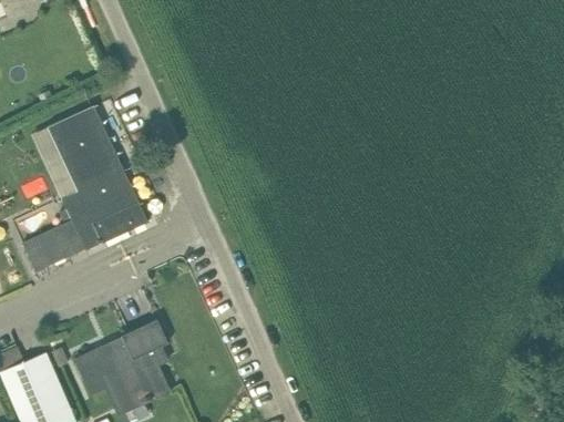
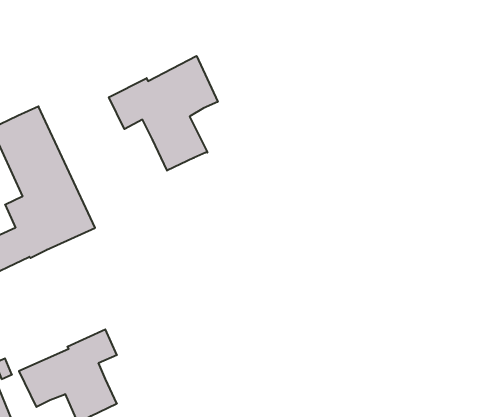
building: none -> [109,56,218,171]

